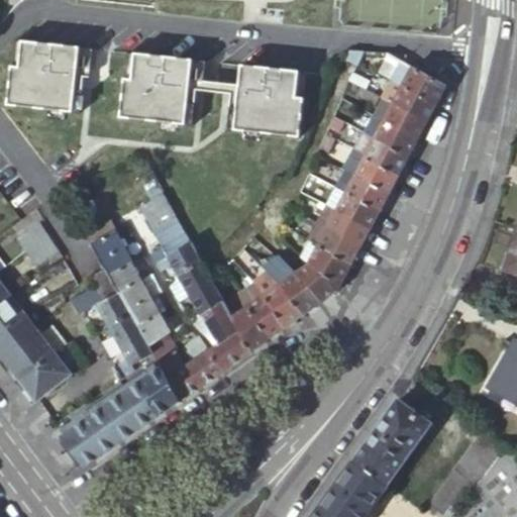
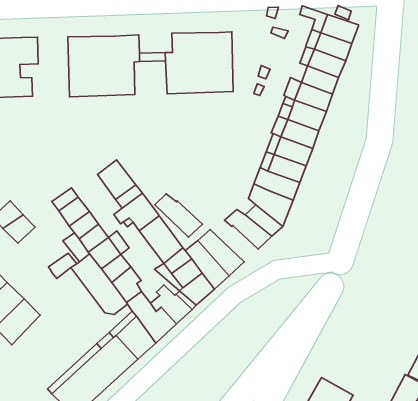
building: [254,275,304,325] -> [155,194,203,237]
building: [21,353,73,402] -> none
building: [354,400,432,487] -> none

